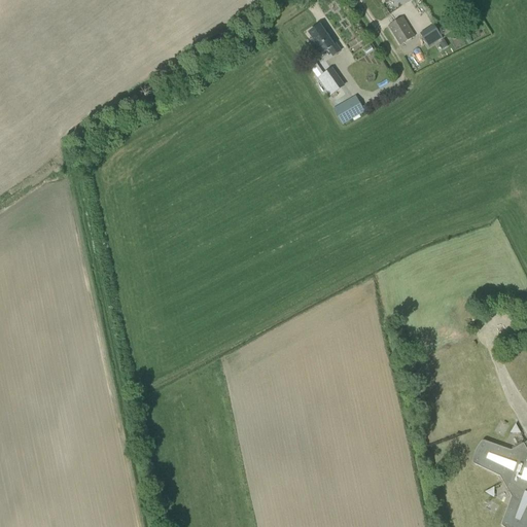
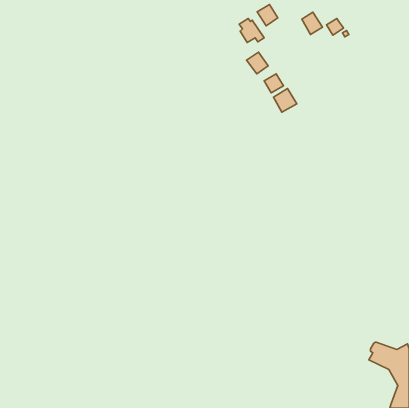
building: none -> [257,4,278,26]
building: none -> [273,88,297,112]

